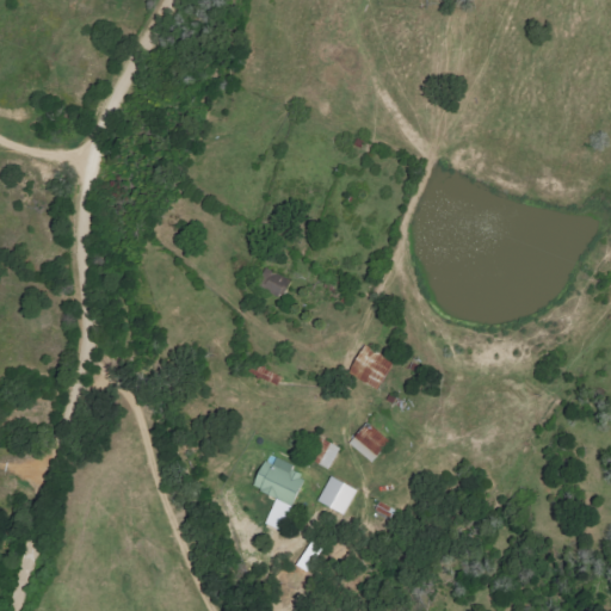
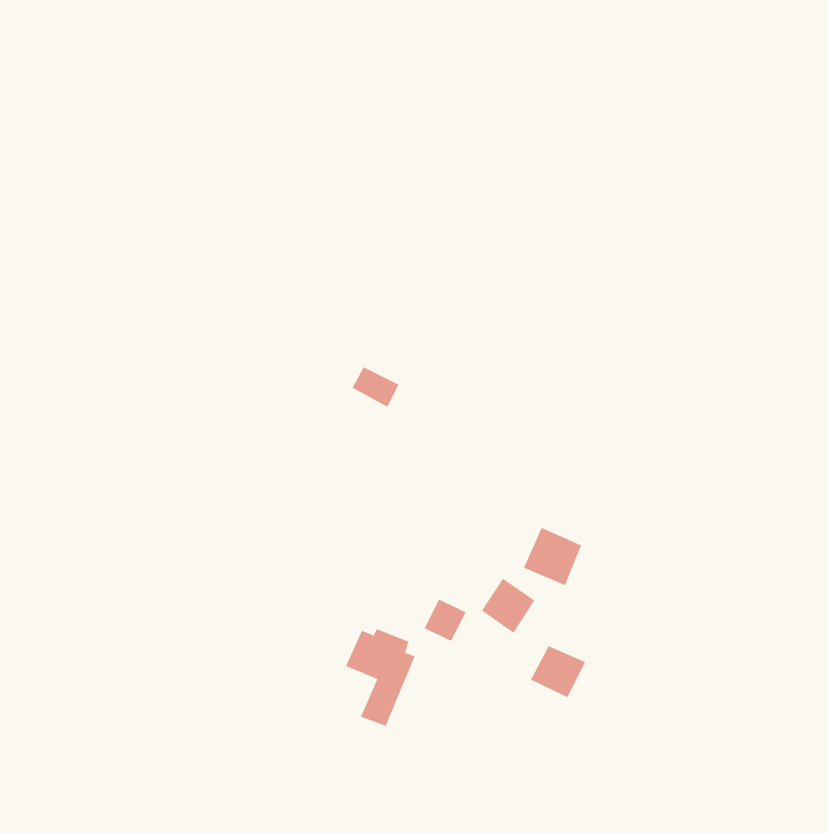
building: [350,345,393,388] -> [523,527,582,586]
building: [317,475,358,513] -> [530,645,586,698]

